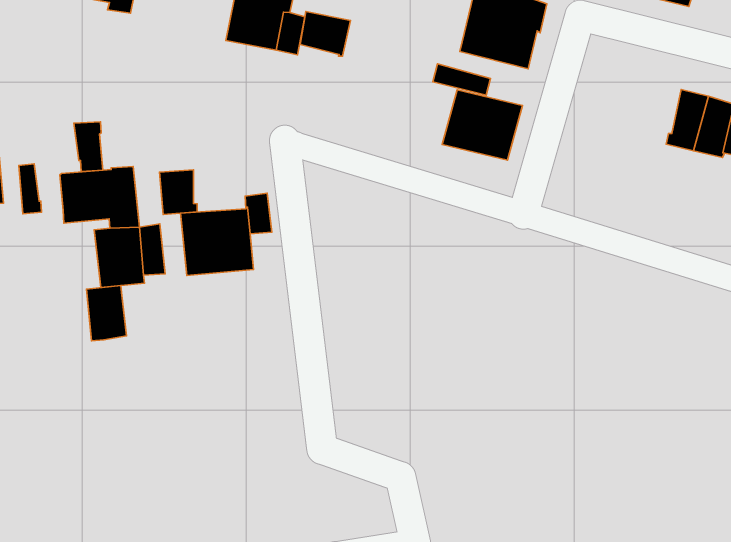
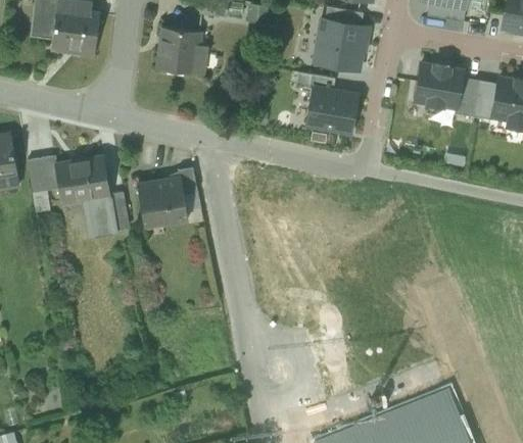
building: [300,12,350,56] -> none
building: none -> [413,65,462,107]
building: [74,122,103,172] -> [37,156,58,190]
building: [160,170,197,214] -> none
building: [87,286,126,341] -> none

